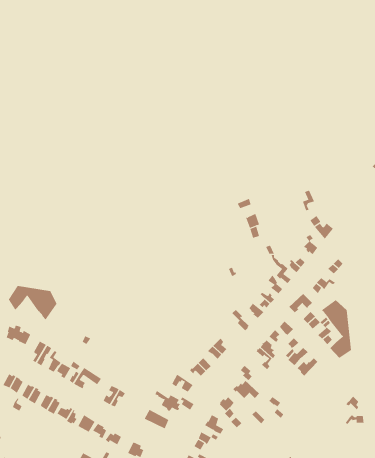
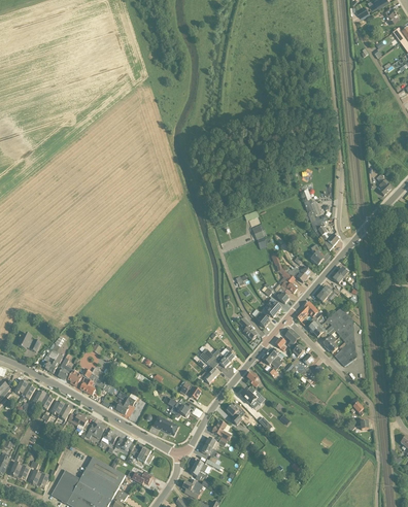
building: [8,285,57,321] -> none

